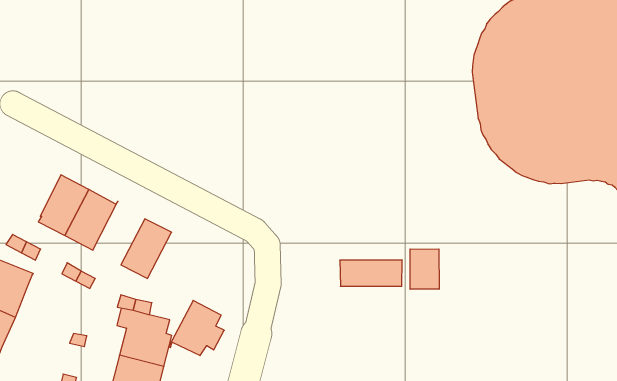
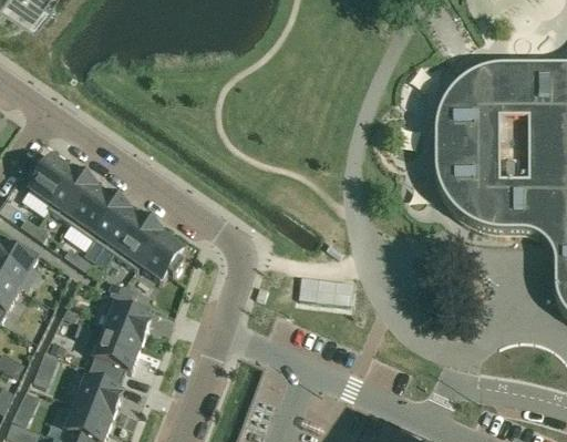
building: none -> [31,154,75,203]
building: none -> [94,198,142,253]
building: [410,249,439,289] -> none
building: [169,300,224,356] -> [137,230,186,278]

